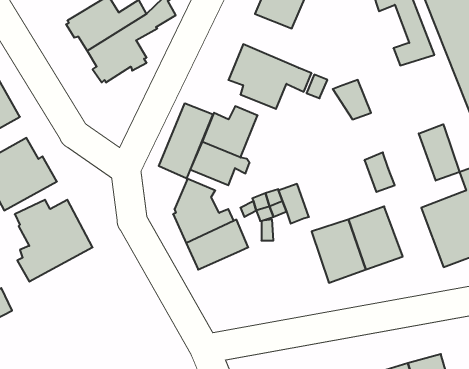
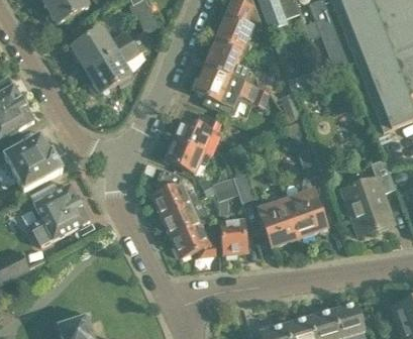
building: none -> [205,41,252,83]
building: [159,103,213,179] -> none
building: [419,124,459,181] -> none
building: none -> [220,220,247,253]
building: none -> [171,224,215,258]

